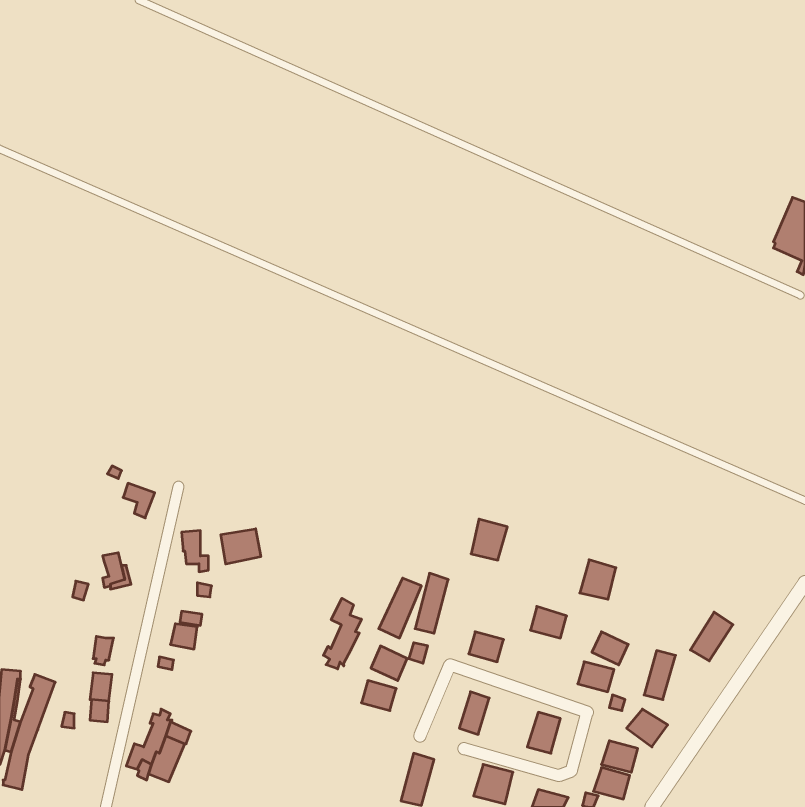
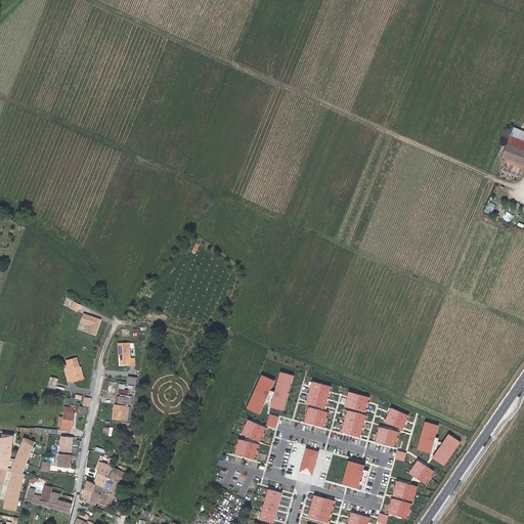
building: [471,519,507,560] -> [306,383,330,409]
building: [221,529,261,564] -> none
building: [580,560,616,599] -> [341,412,364,438]
building: [323,598,361,669] -> none
building: [690,612,733,661] -> [432,434,460,466]
building: none -> [26,484,73,512]

